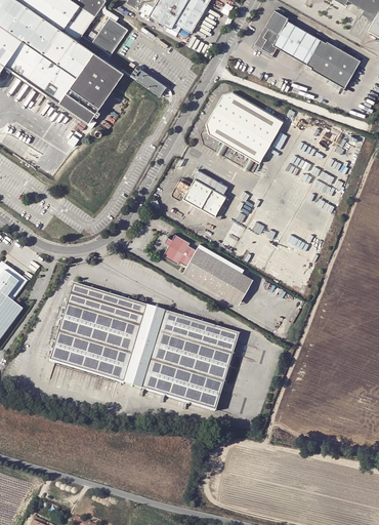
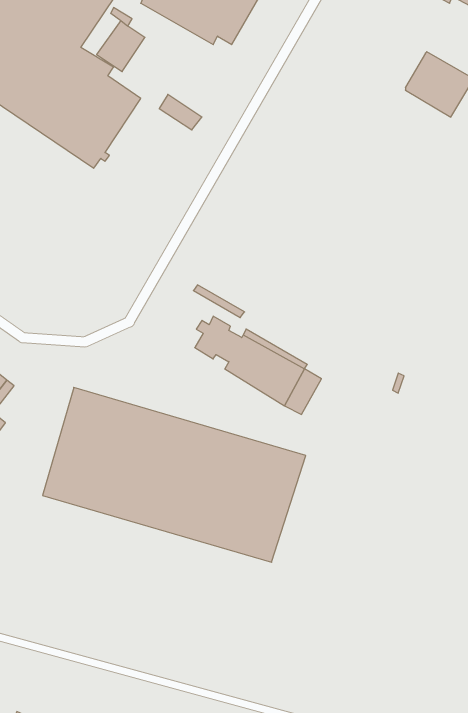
building: [255,9,327,66] -> none
building: [202,91,284,170] -> none
building: [172,177,226,215] -> none

